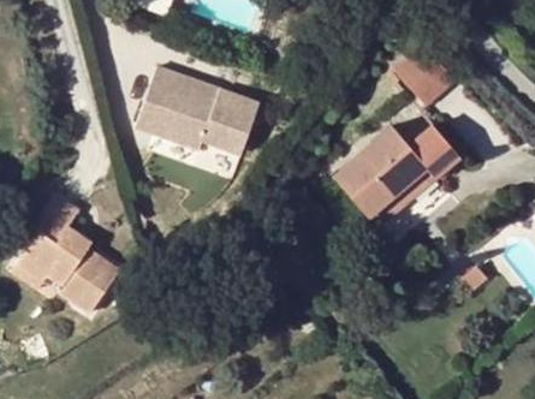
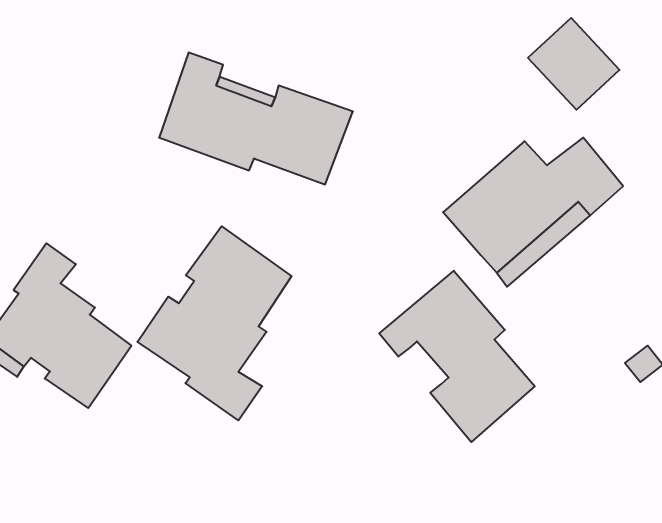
building: none -> [137,226,292,420]
building: none -> [379,271,535,442]

